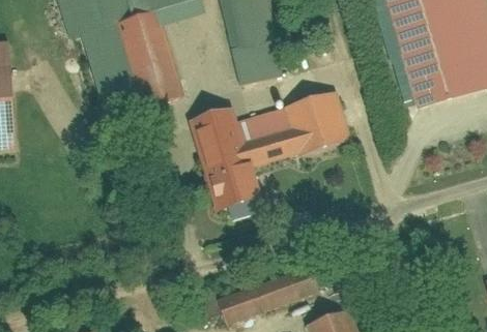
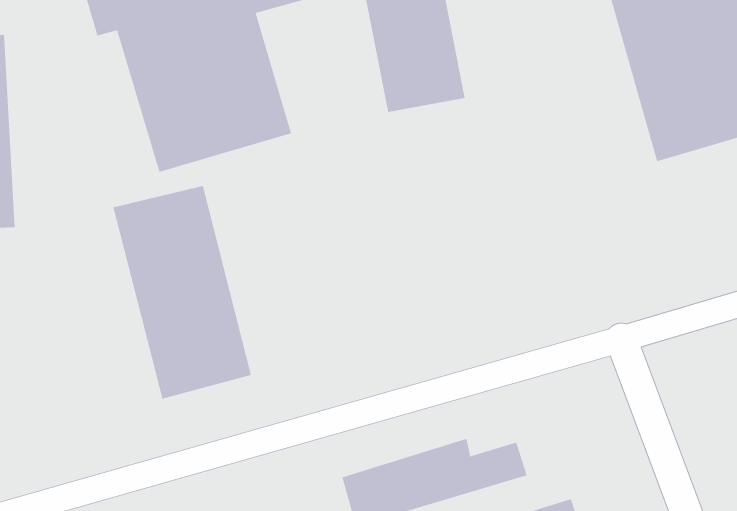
building: [190,91,352,212] -> none
building: none -> [113,185,251,399]

